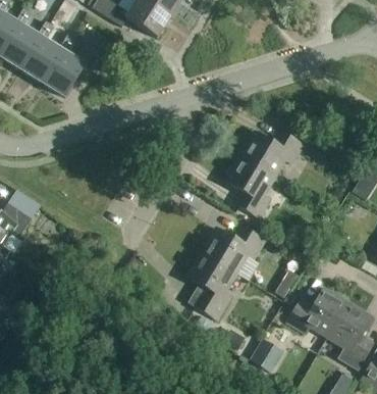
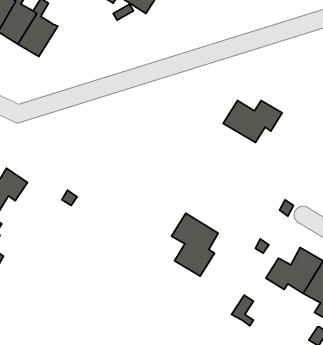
building: [44,36,86,98] -> none
building: [225,155,275,217] -> none
building: [201,227,264,273] -> none

